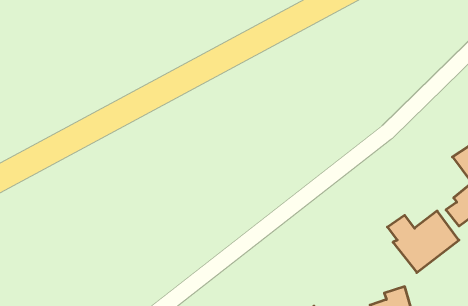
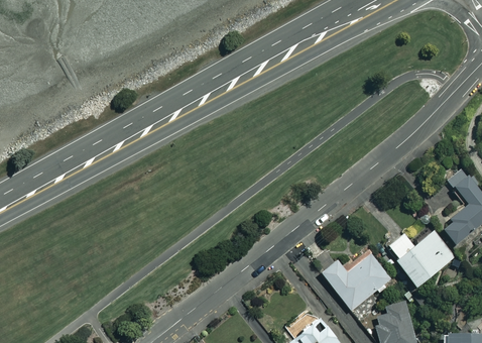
building: none -> [321,254,389,311]

